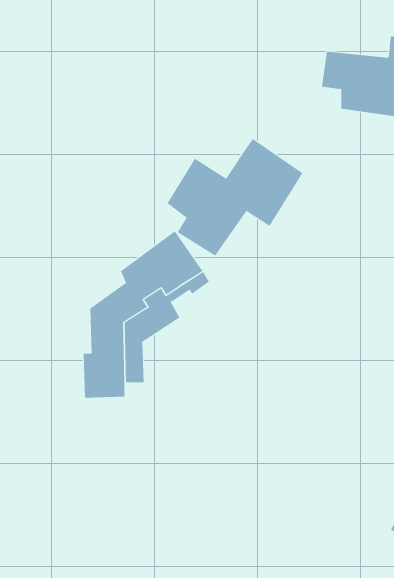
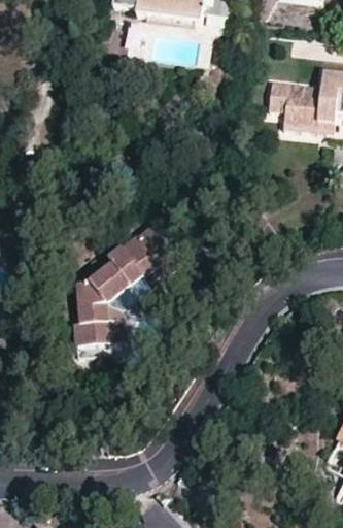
building: [167,138,303,257] -> none

